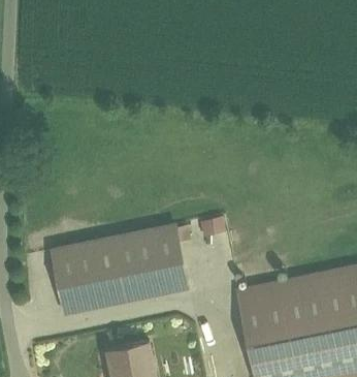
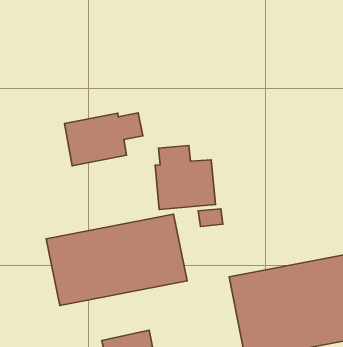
building: none -> [65,113,143,166]
building: none -> [155,145,216,209]

